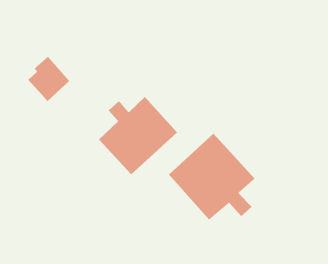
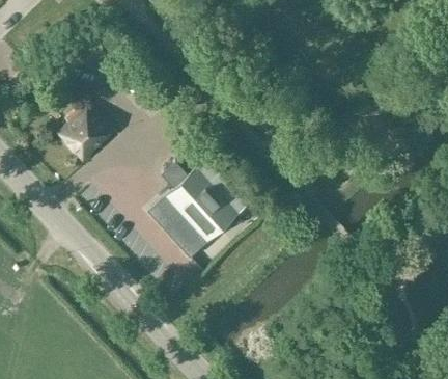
building: [168,133,256,220] -> none

